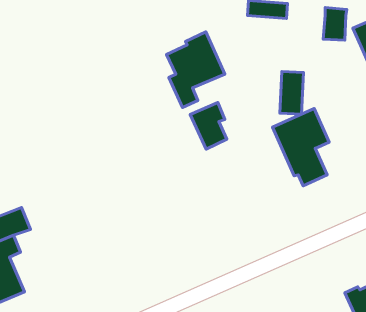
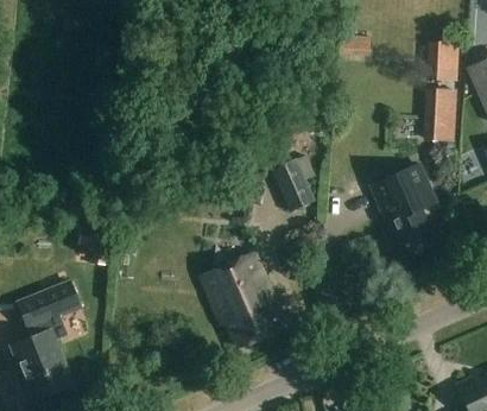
building: [167,32,225,107] -> none
building: [280,72,304,114] -> [429,89,457,140]
building: none -> [201,253,286,348]

